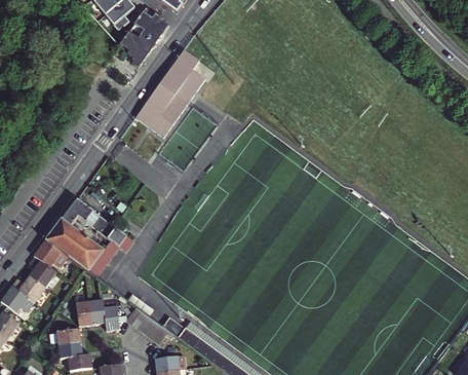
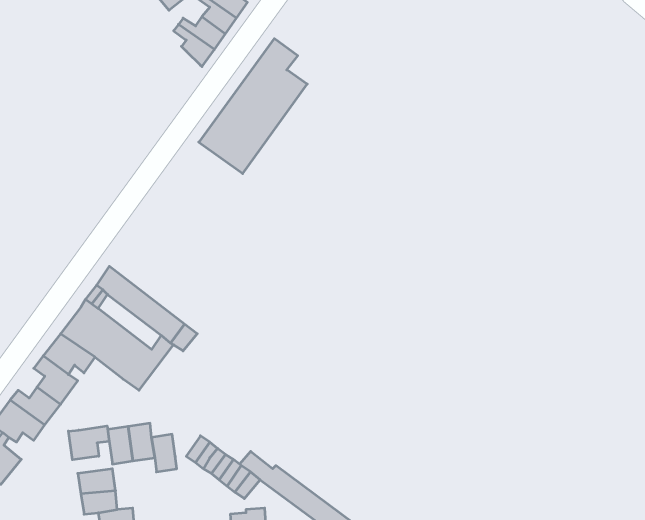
building: none -> [68,426,109,460]

